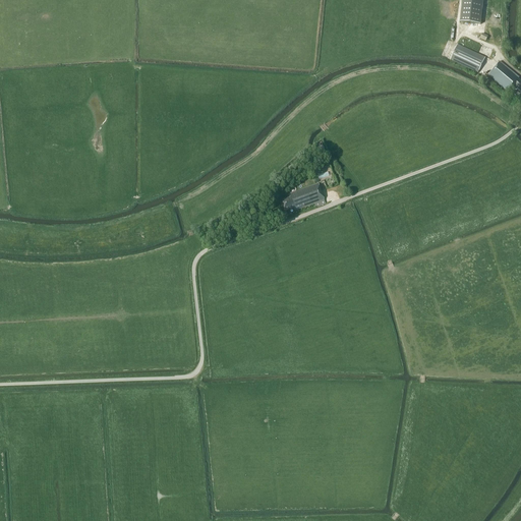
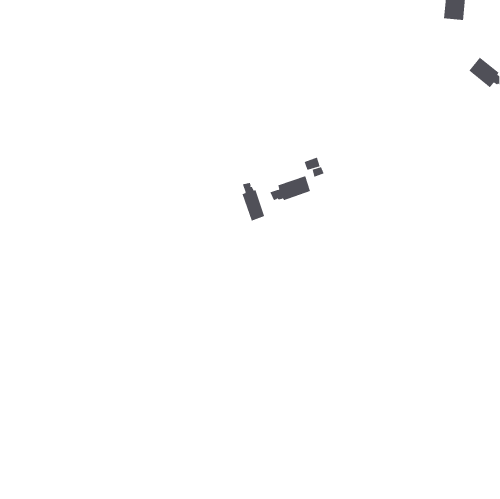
building: [449,43,484,71] -> none
building: none -> [242,182,265,221]

